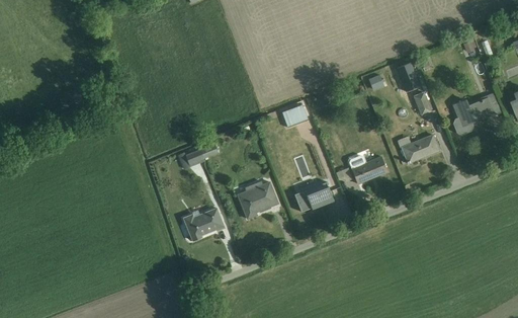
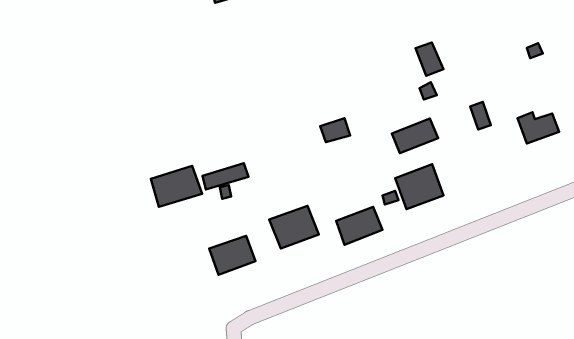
building: [396,61,420,90] -> [416,43,443,76]
building: [401,134,441,164] -> [392,119,438,153]
building: none -> [151,166,202,207]

